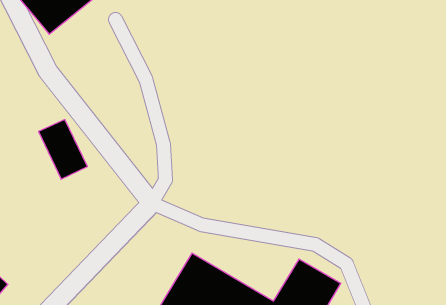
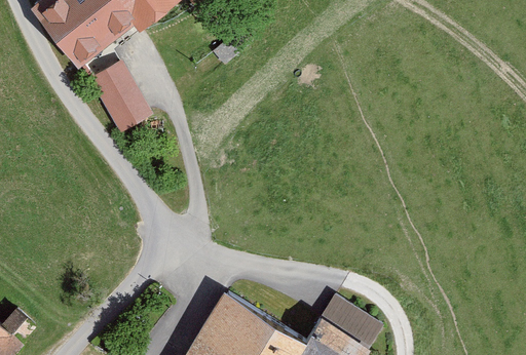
building: [39,120,87,179] -> [95,64,146,126]

